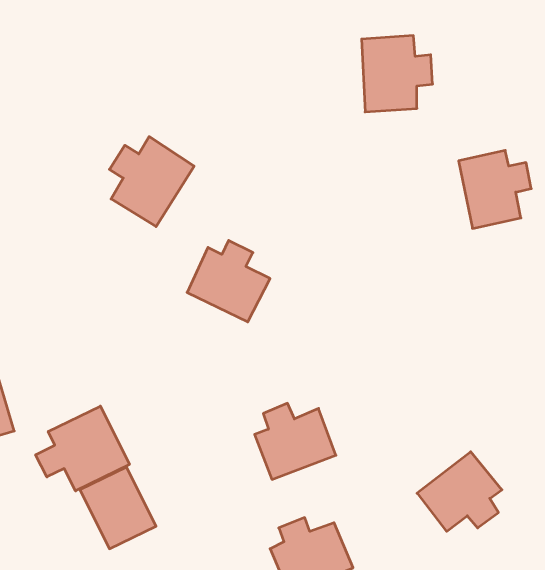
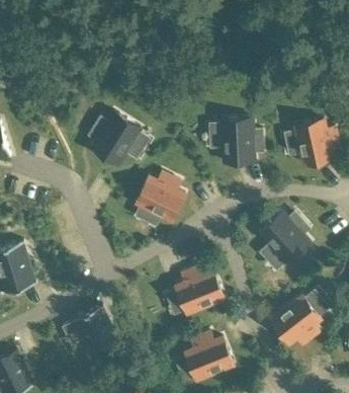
building: [362,36,433,112] -> [222,119,263,163]
building: none -> [259,213,311,265]
building: [36,406,129,491] -> none

